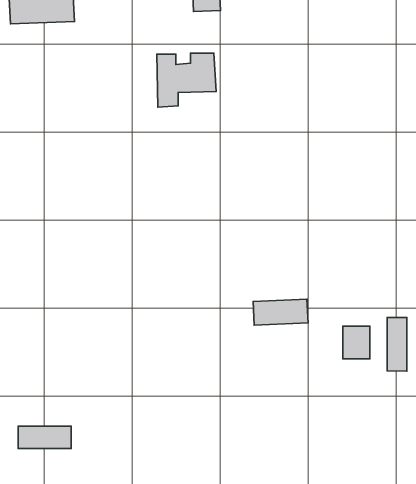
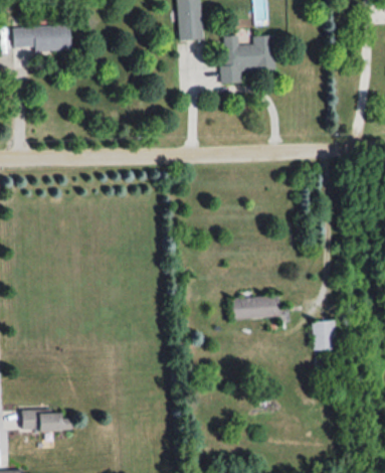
building: [157,53,216,107] -> [222,34,275,83]
building: [387,317,407,371] -> none

